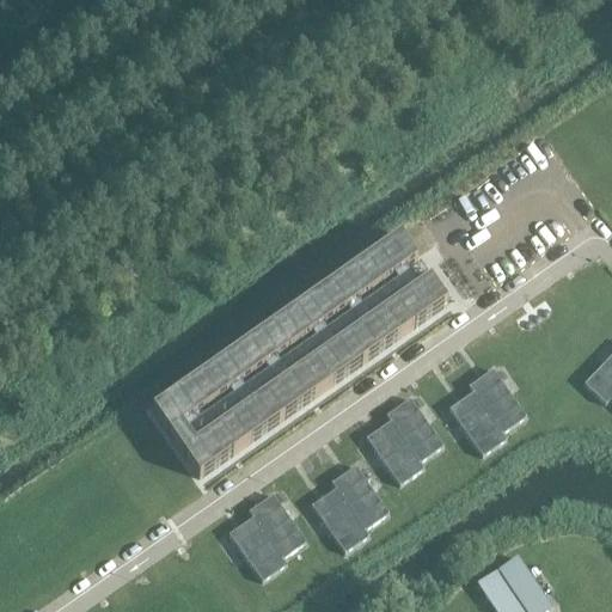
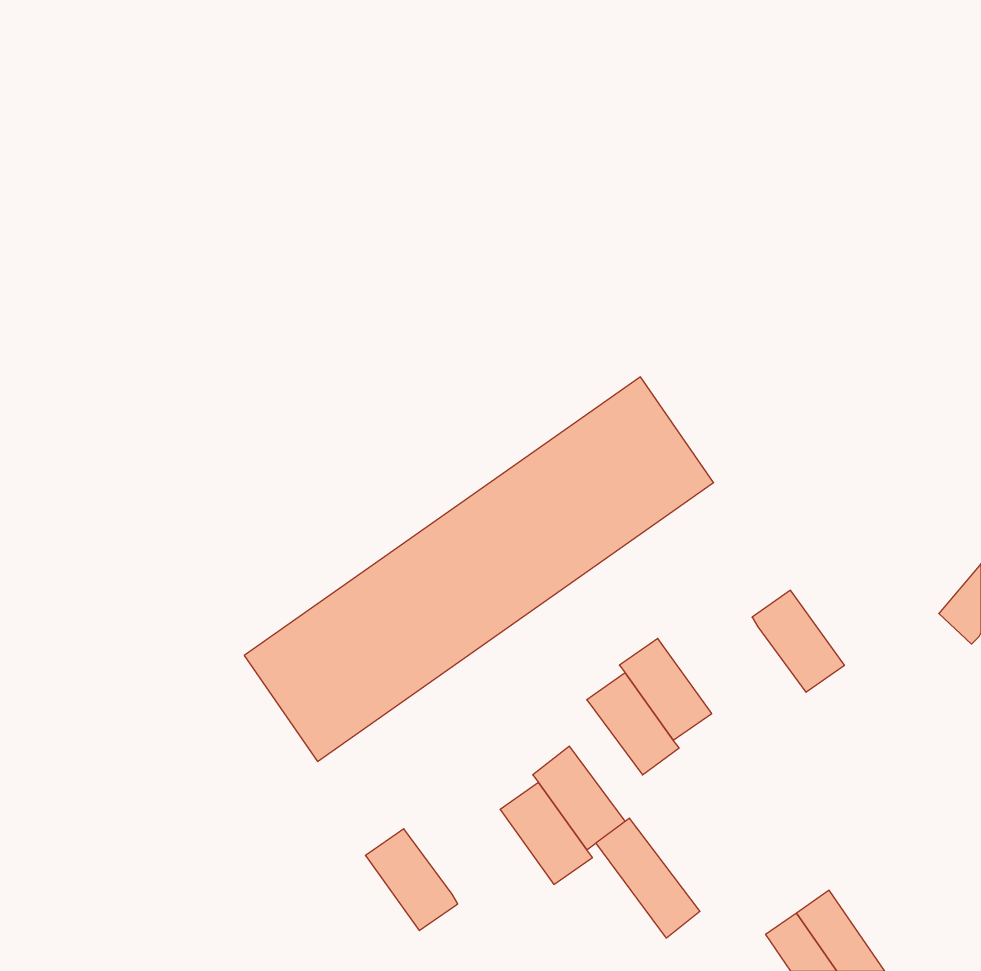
building: [448,390,504,453] -> none
building: [246,492,304,556] -> none
building: none -> [596,818,700,938]

